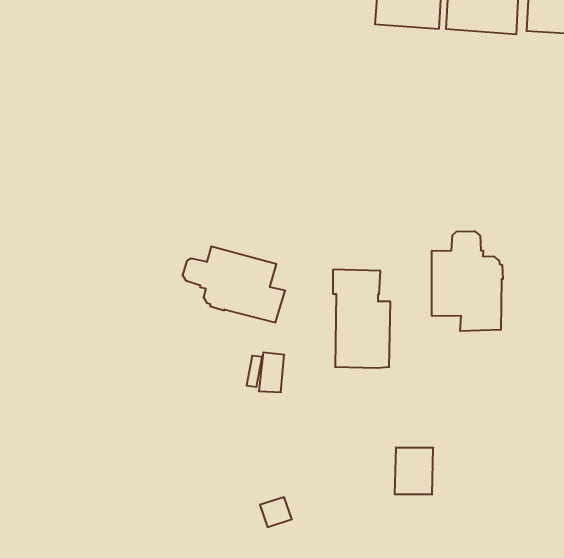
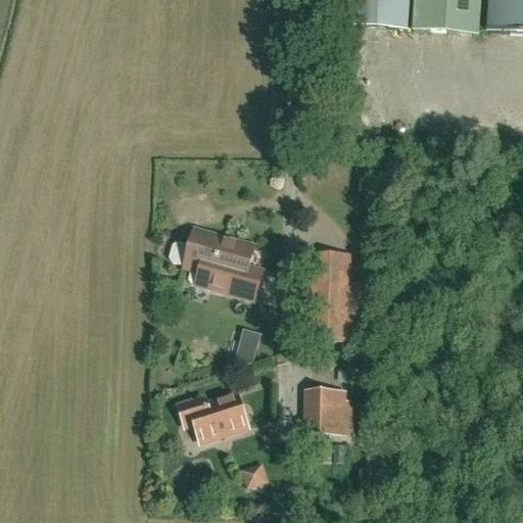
building: [432,231,503,331] -> none
building: none -> [180,393,249,441]
building: [395,448,433,494] -> [308,390,344,433]

